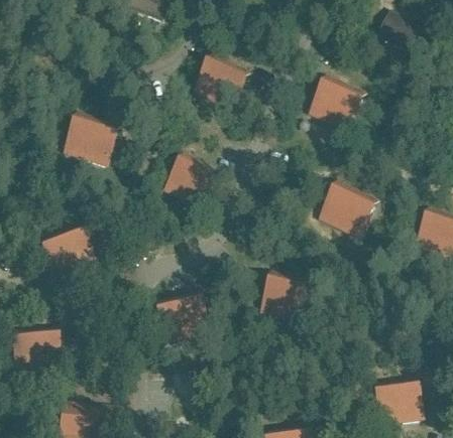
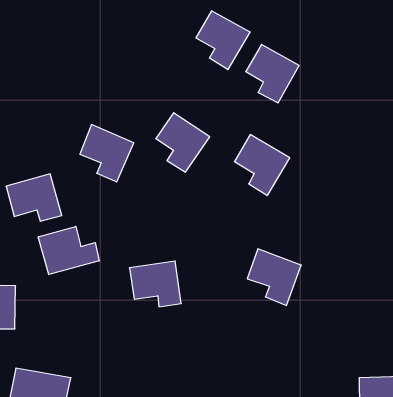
building: [312,80,360,132] -> [246,44,299,103]
building: [67,113,115,163] -> [80,125,134,182]
building: [323,182,373,237] -> [234,135,290,195]
building: none -> [38,226,99,275]

